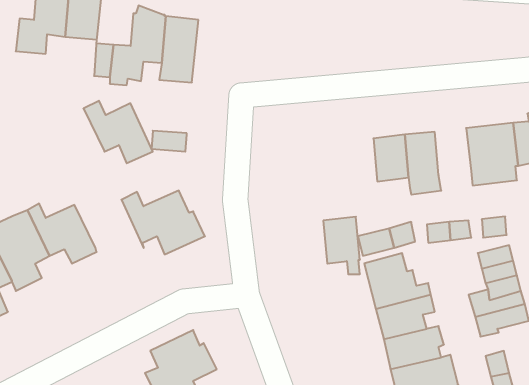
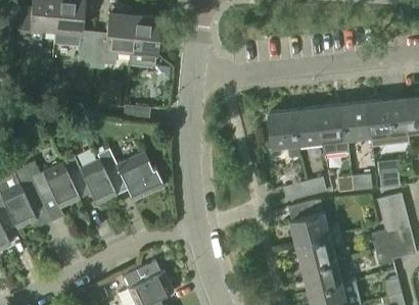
building: [83,101,153,163] -> [61,156,115,205]
building: none -> [343,102,372,139]
building: [323,217,360,274] -> [270,110,298,155]

